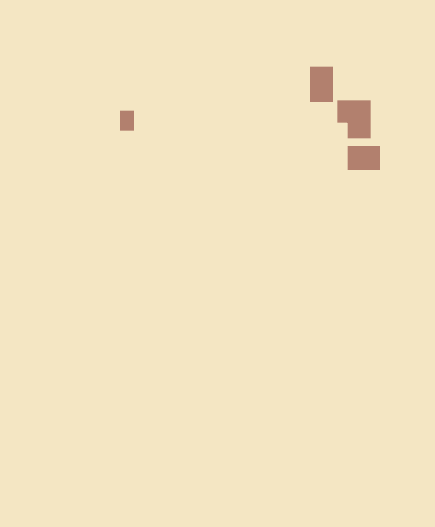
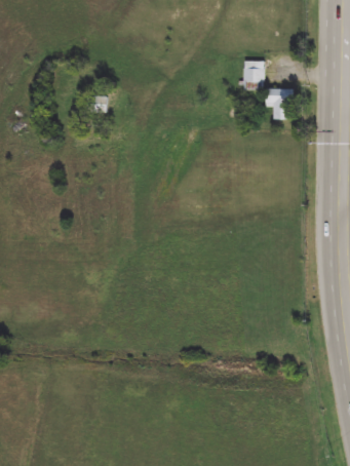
building: [347,145,381,171] -> none

